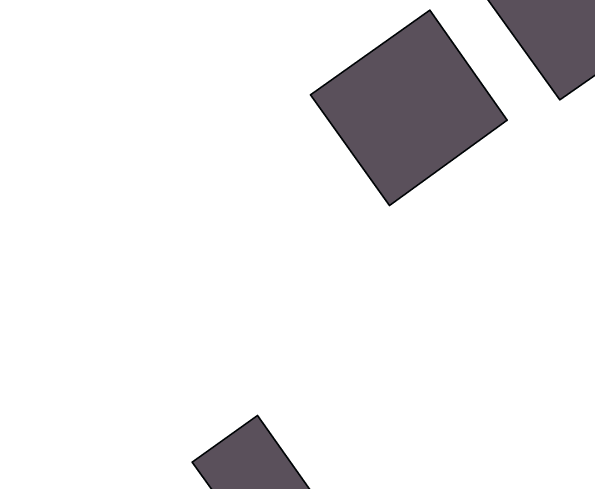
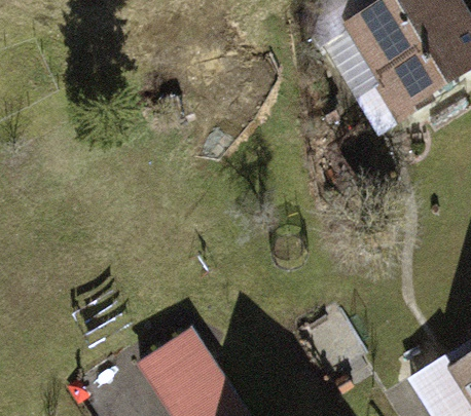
building: [311,10,507,205] -> none

